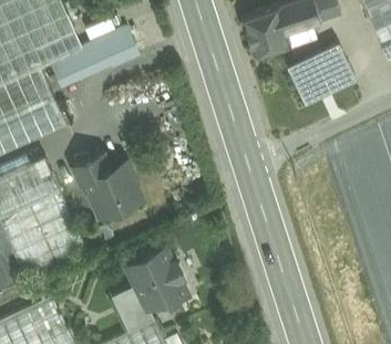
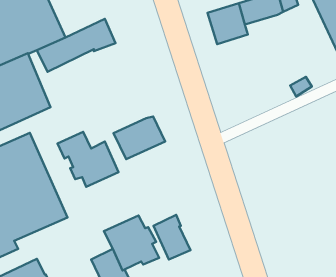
building: [289,43,356,102] -> none
building: none -> [113,117,165,159]
building: none -> [153,215,190,260]

